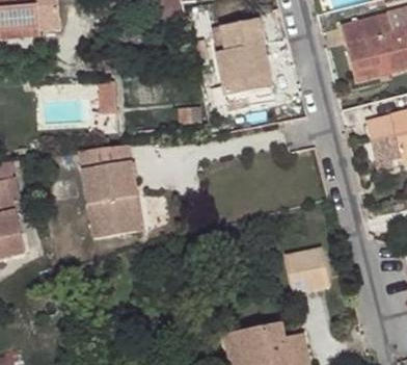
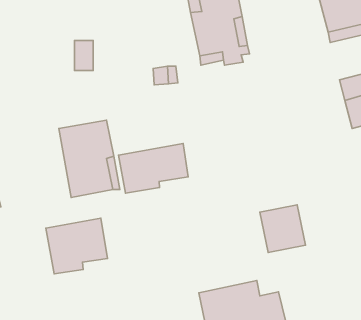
building: none -> [118,144,188,193]
building: none -> [46,218,107,274]

